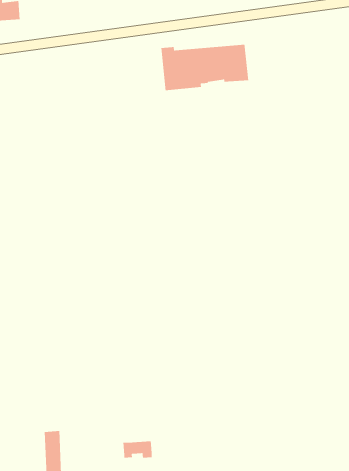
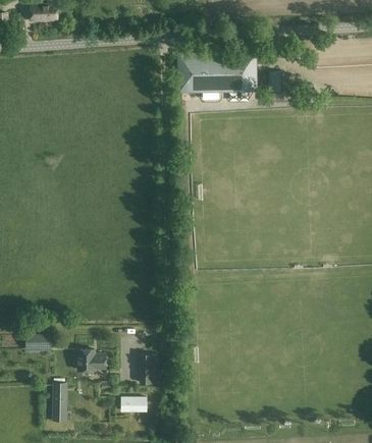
building: none -> [25,336,51,351]
building: none -> [139,353,158,383]
building: none -> [77,351,104,372]

